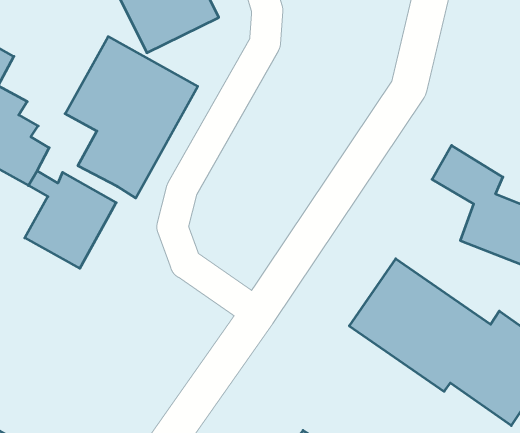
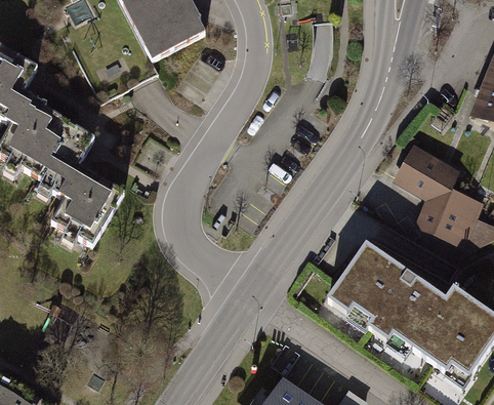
building: [65,37,198,198] -> none

